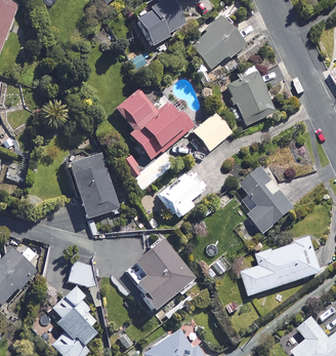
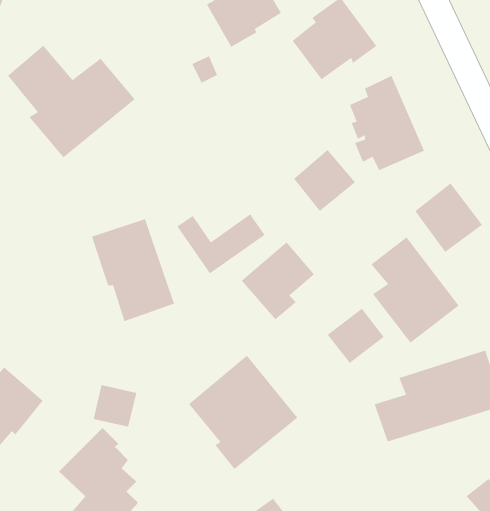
building: [115,88,195,159] -> [7,45,135,158]
building: none -> [414,183,483,253]
building: none -> [327,308,384,364]

